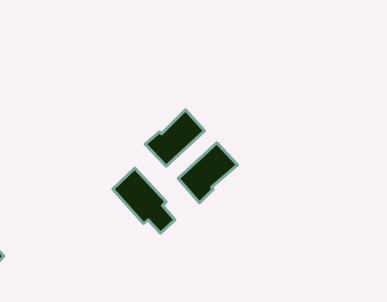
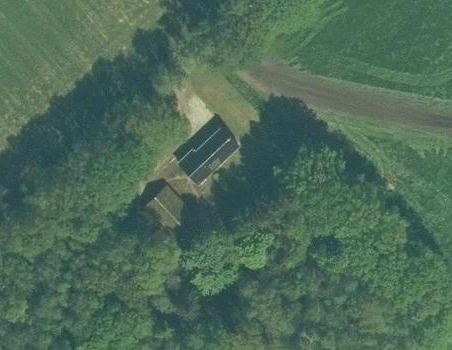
building: [178,143,237,203] -> none

